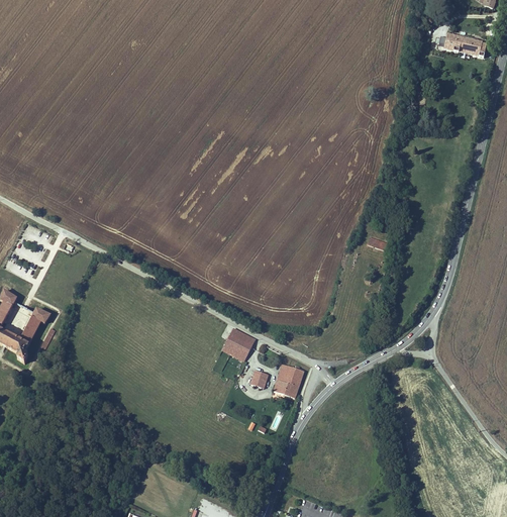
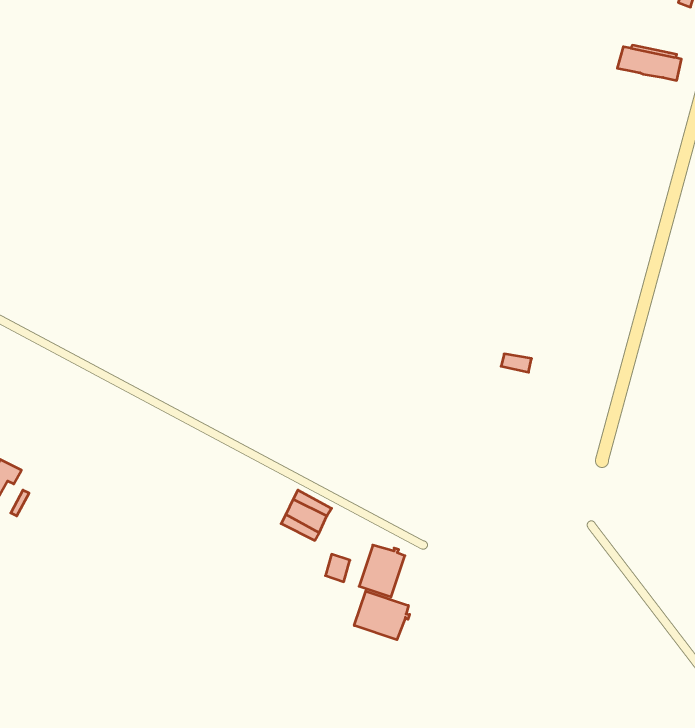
building: none -> [354,591,410,640]

